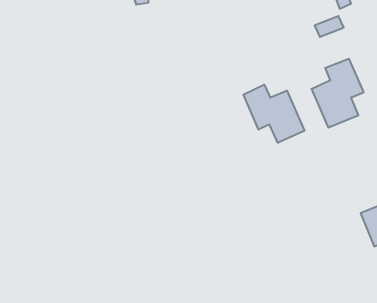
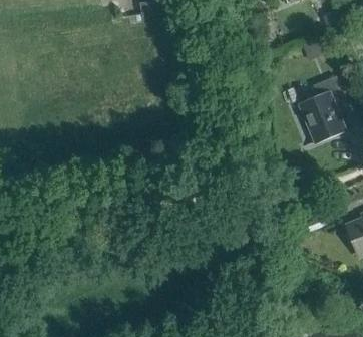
building: [244,85,304,143] -> none

